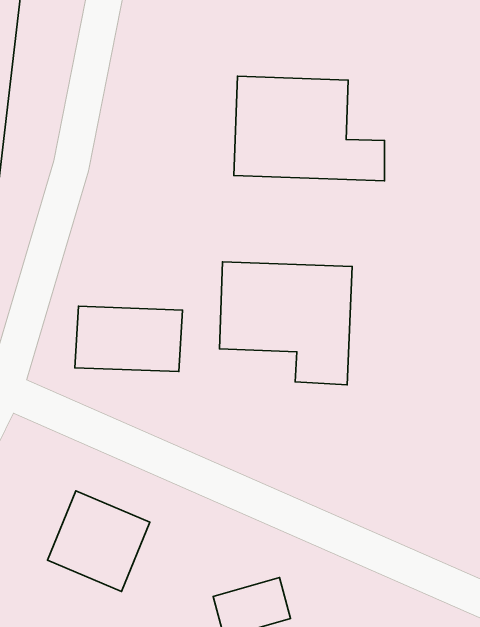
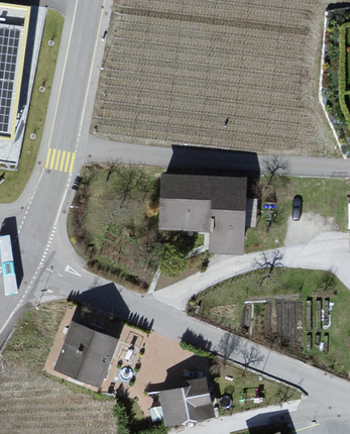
building: [234,76,385,181] -> none
building: [75,306,183,372] -> none

